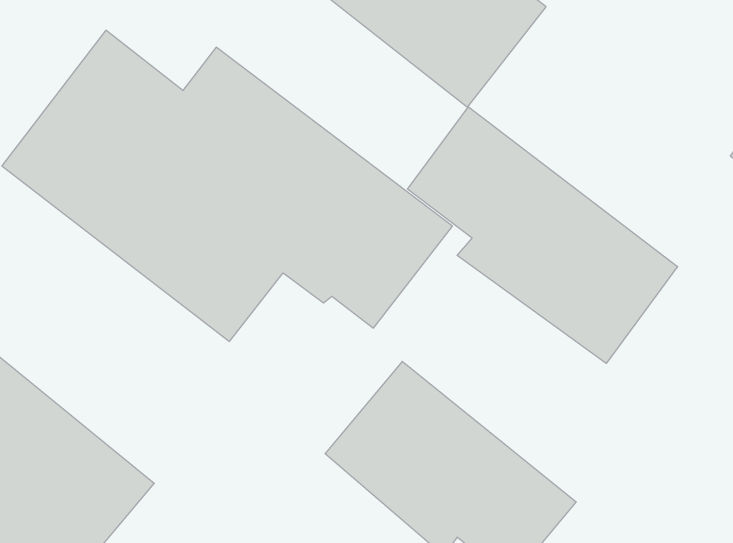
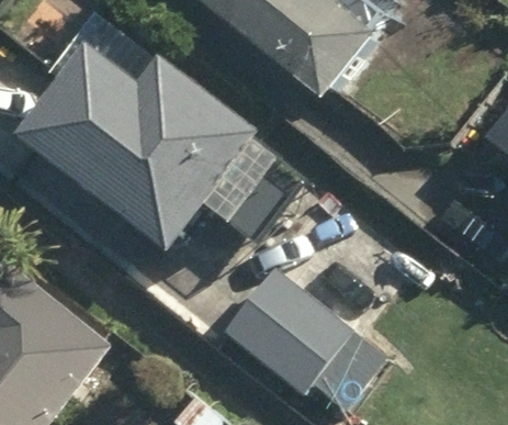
building: [408,107,678,363] -> none

